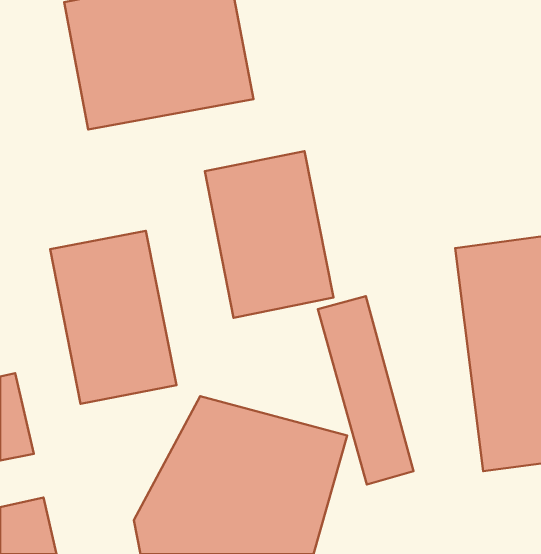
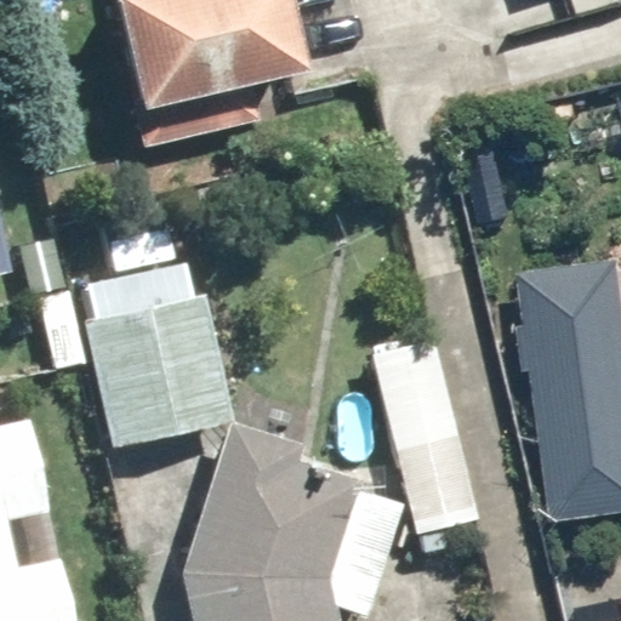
building: [205,151,334,318] -> none

